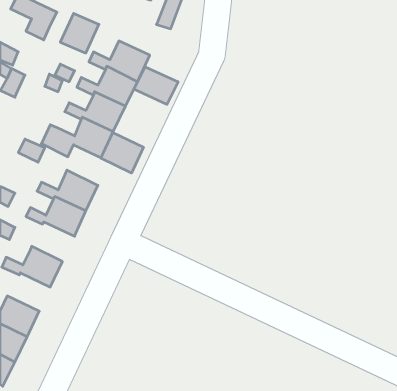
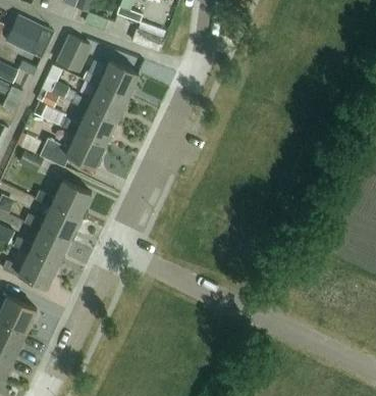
building: [134,67,178,104] -> none
building: [101,133,143,173] -> none
building: none -> [13,228,69,264]

